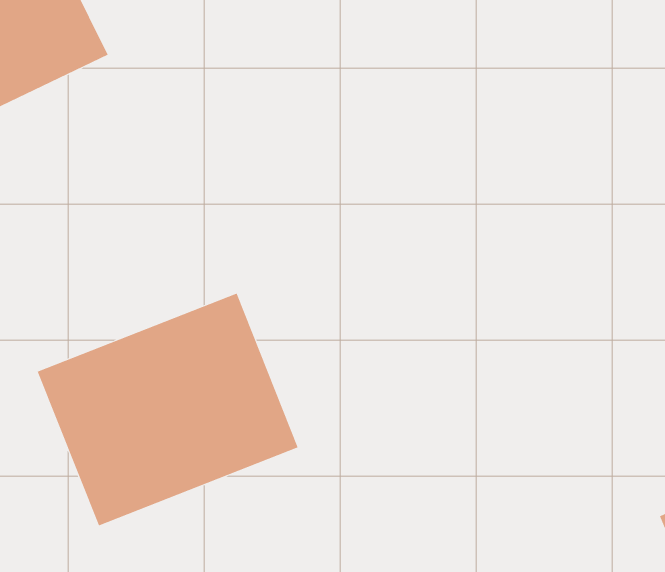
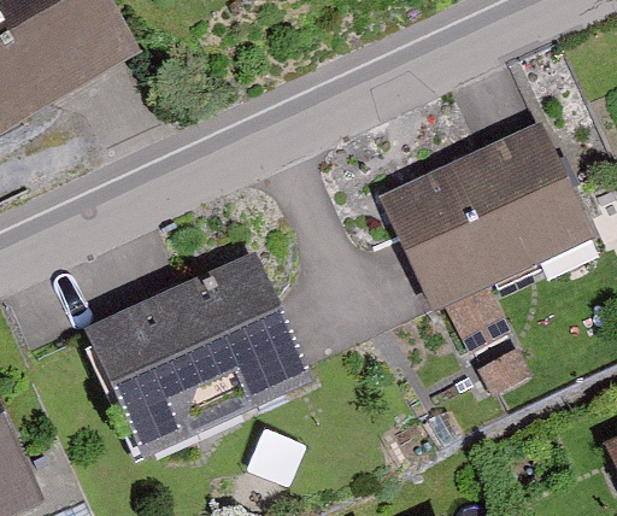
building: none -> [381,131,578,306]

